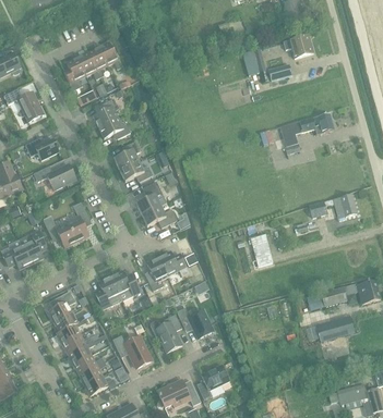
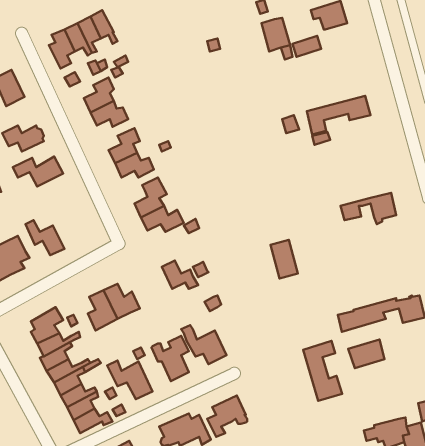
building: [67,201,88,241] -> none
building: [145,256,167,290] -> none
building: none -> [303,341,342,401]

